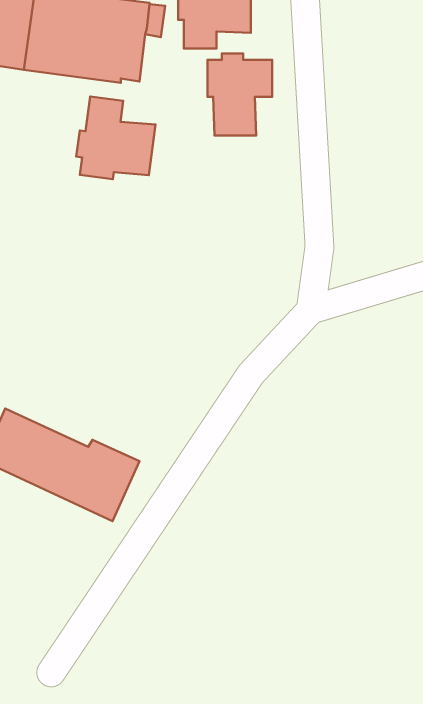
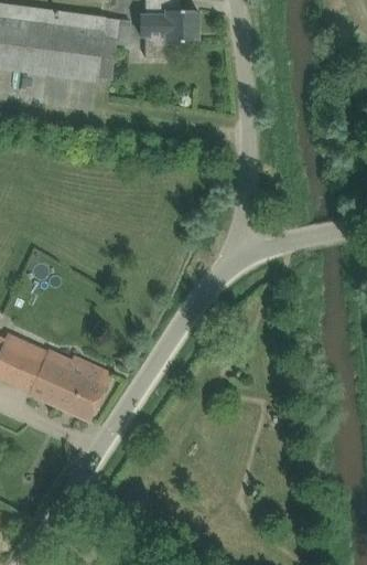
building: [207,53,272,136] -> none
building: [76,97,155,179] -> none

